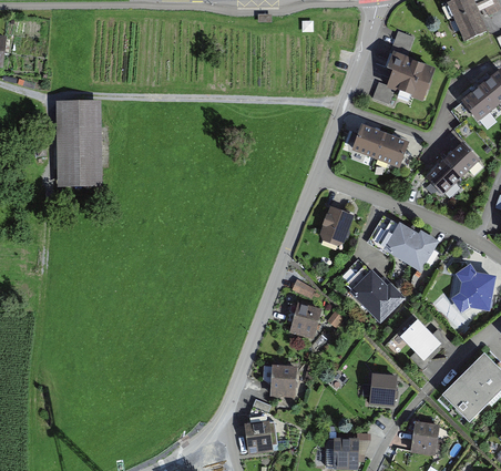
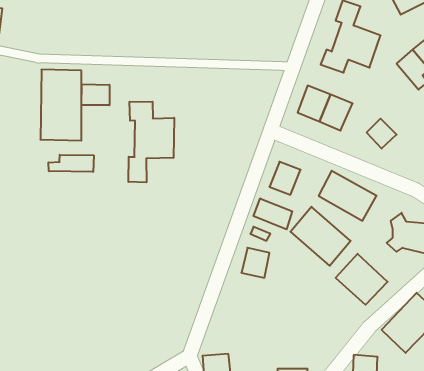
building: none -> [81,84,109,105]
building: none -> [128,102,174,182]
building: [442,143,484,178] -> none
building: none -> [48,155,94,172]
building: none -> [253,198,292,229]
building: [264,365,297,397] -> none
building: [366,375,398,405] -> none

